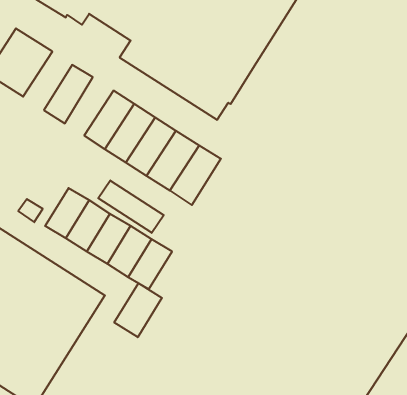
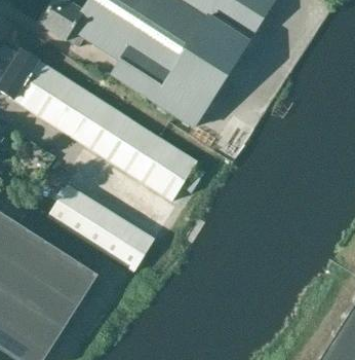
building: none -> [29,69,70,118]
building: none -> [64,91,105,140]
building: [98,180,164,233] -> none
building: [114,283,162,337] -> none

